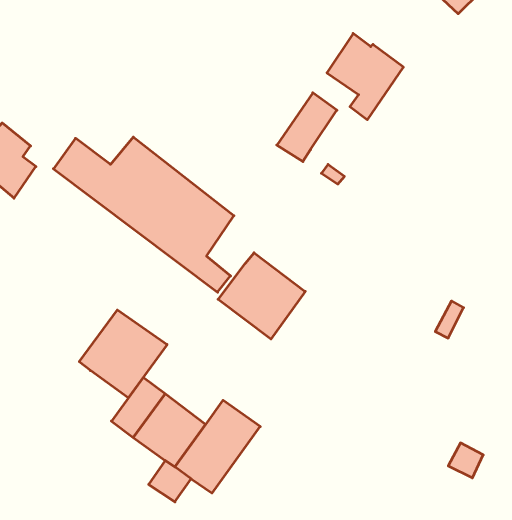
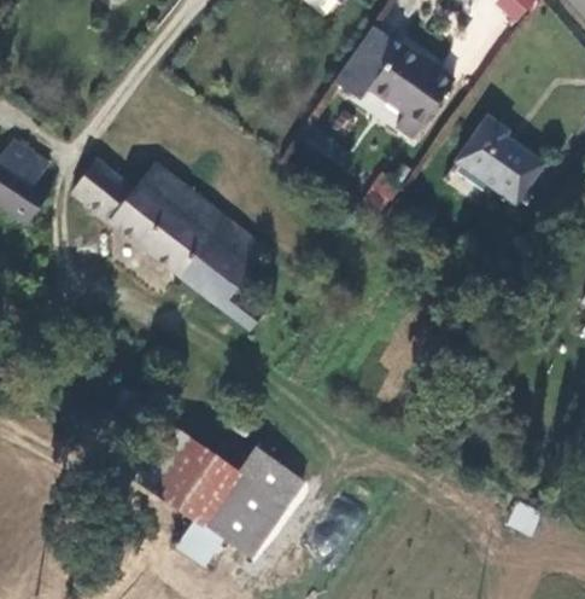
building: [277,93,337,162] -> [334,25,400,101]
building: none -> [458,116,543,203]
building: [218,253,305,339] -> none
building: [79,310,167,398] -> none

